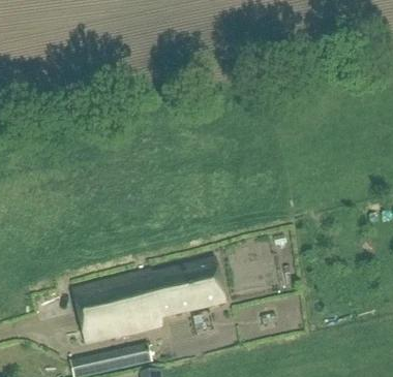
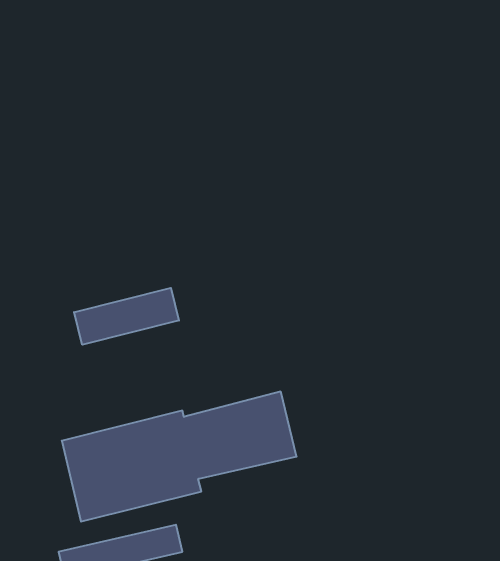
building: none -> [74,288,179,345]

